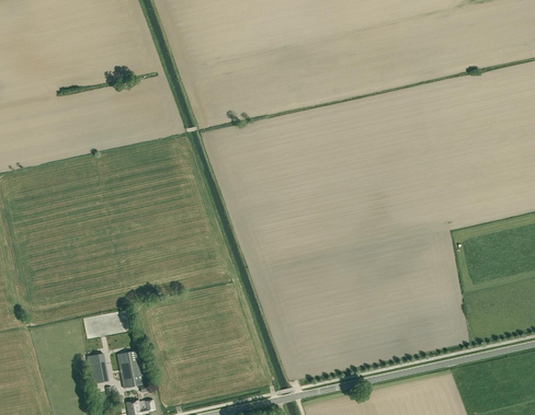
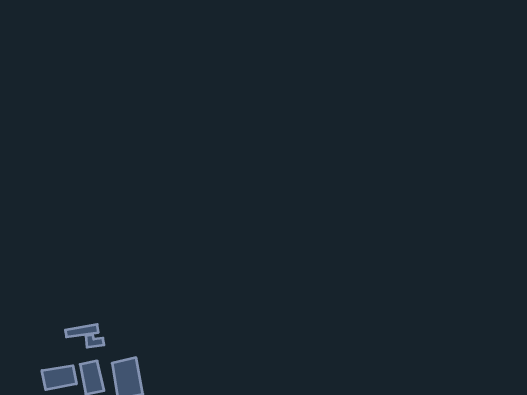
building: none -> [42,366,76,390]

